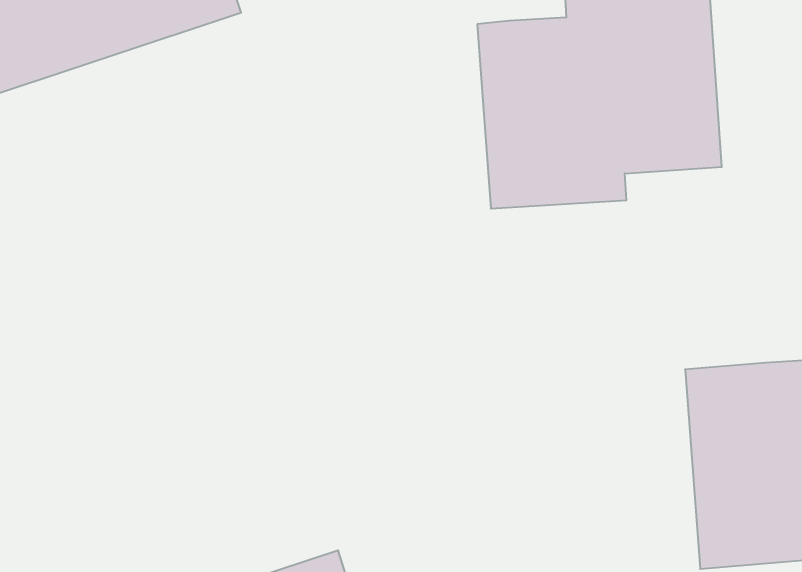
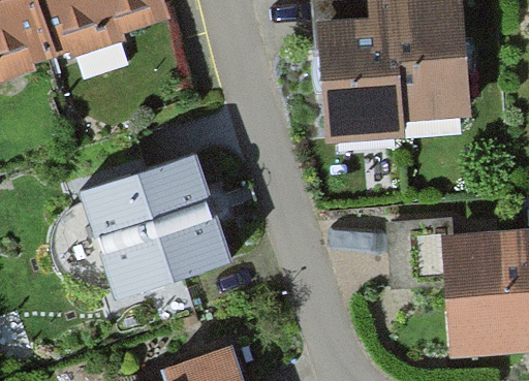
building: none -> [81,141,229,284]

